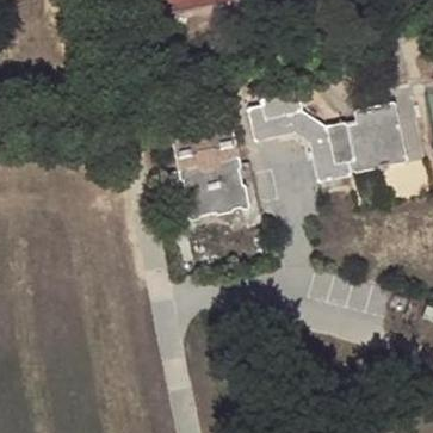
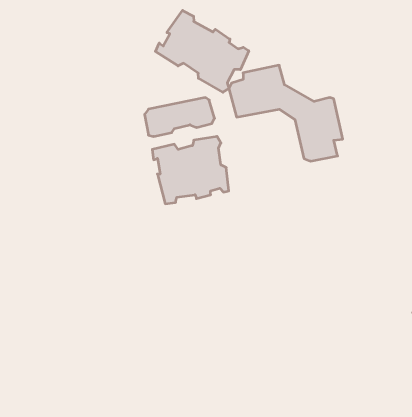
building: none -> [155,10,249,92]
building: [345,103,407,175] -> none

